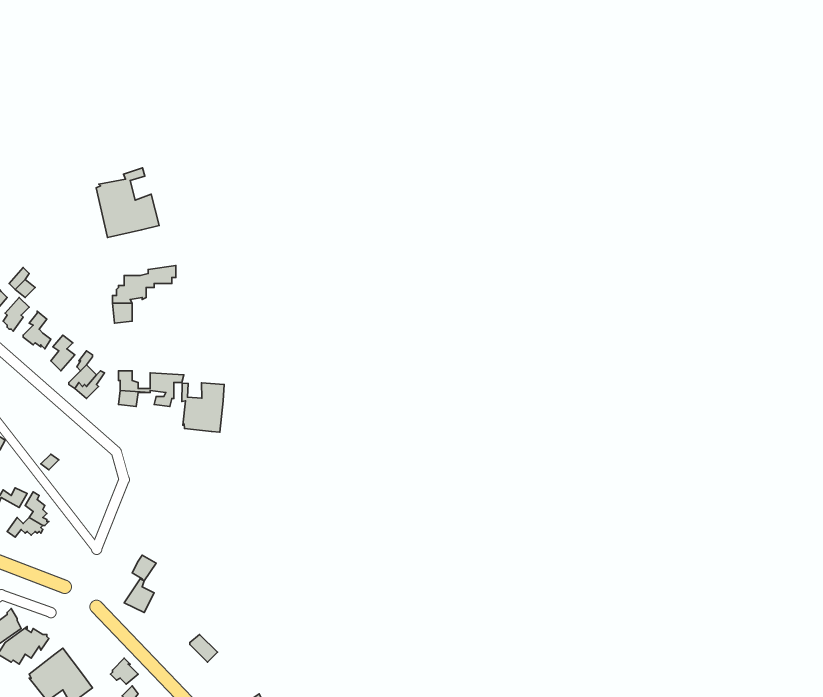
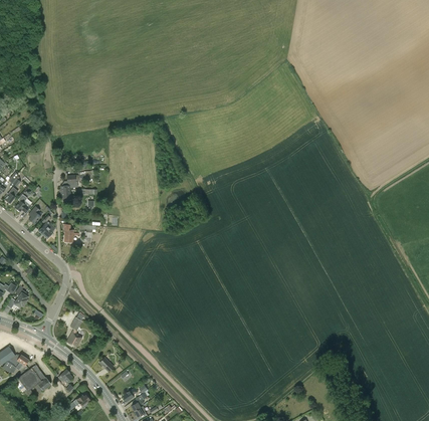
building: [96,168,159,237] -> none
building: [182,383,224,432] -> none

